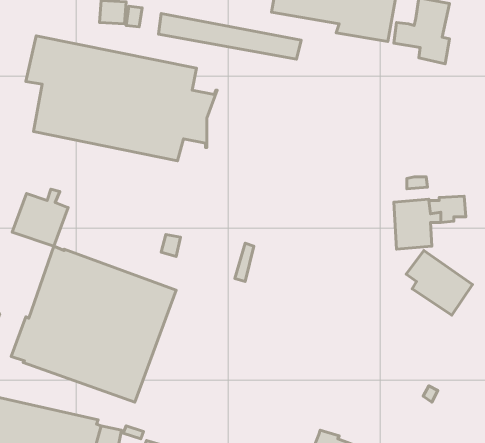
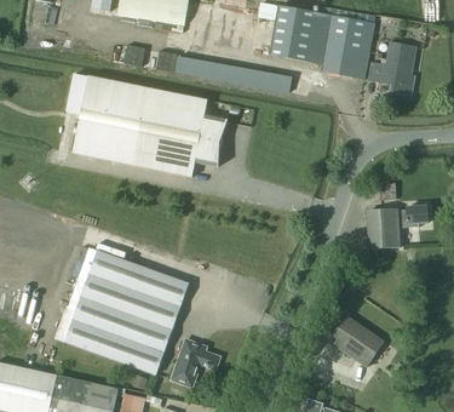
building: [12,189,68,246] -> none
building: [406,251,472,315] -> [329,313,384,366]
building: none -> [172,338,220,387]

